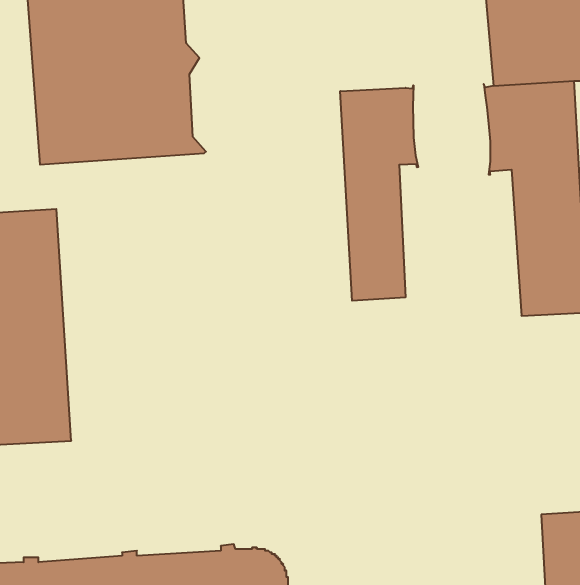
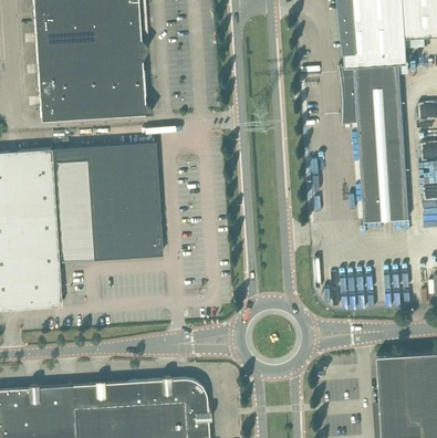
building: [340,85,418,301] -> none
building: none -> [54,145,162,262]

